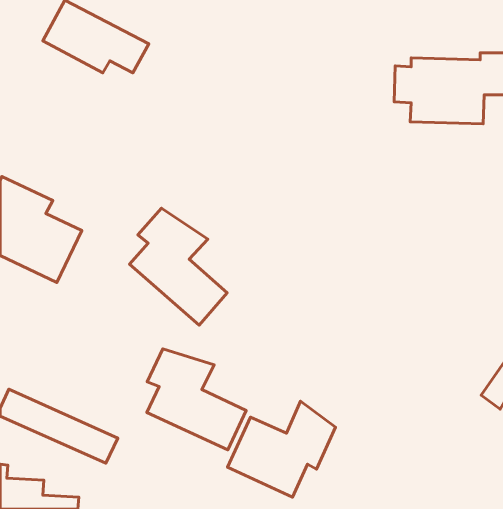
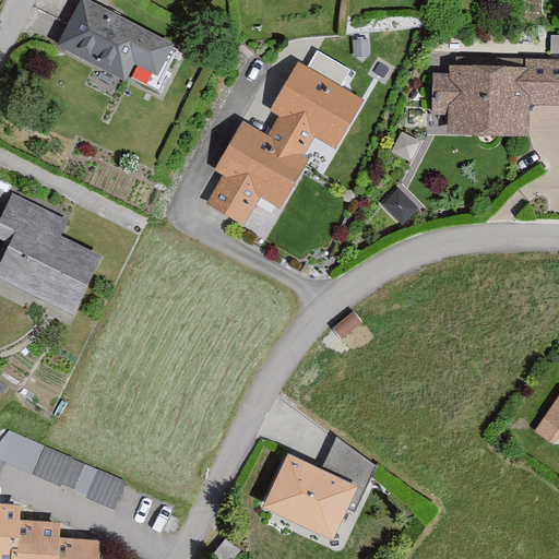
building: none -> [204,50,364,228]
building: [129,208,227,325] -> none
building: [147,349,246,450] -> none

